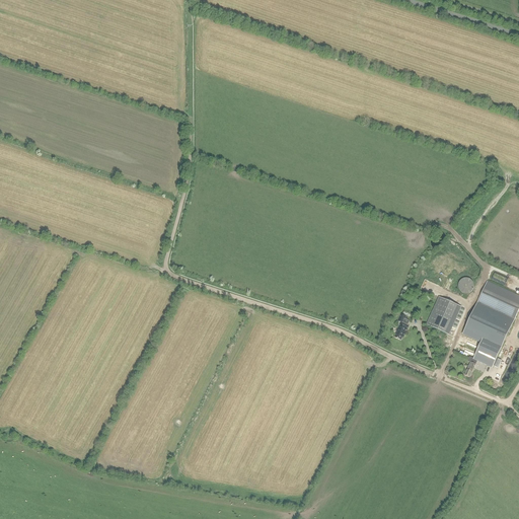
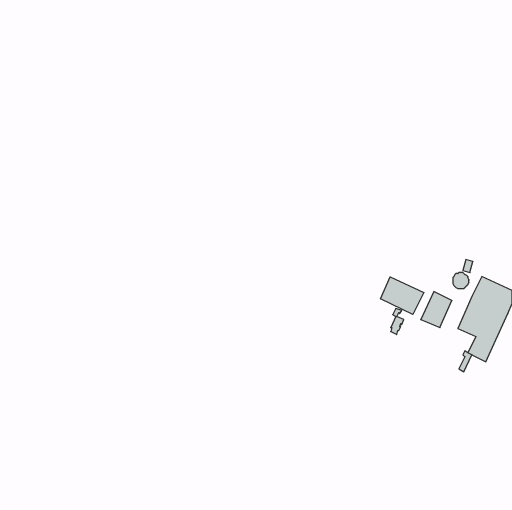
building: none -> [381,277,424,314]

